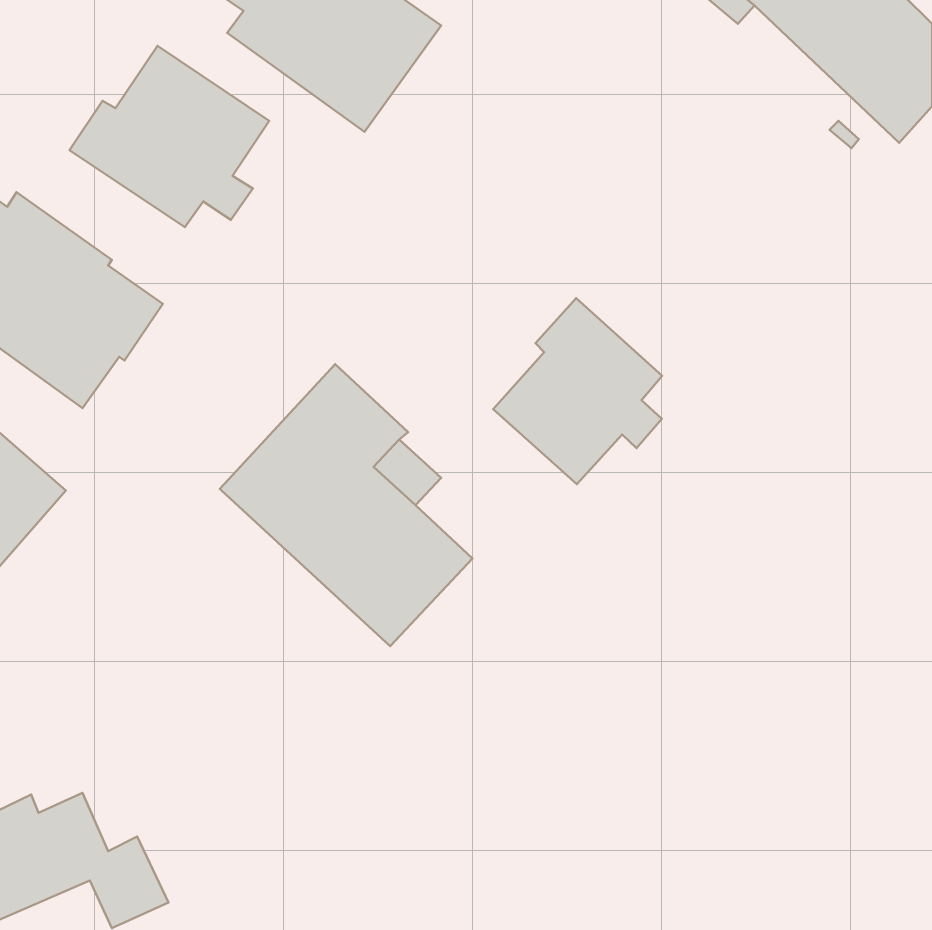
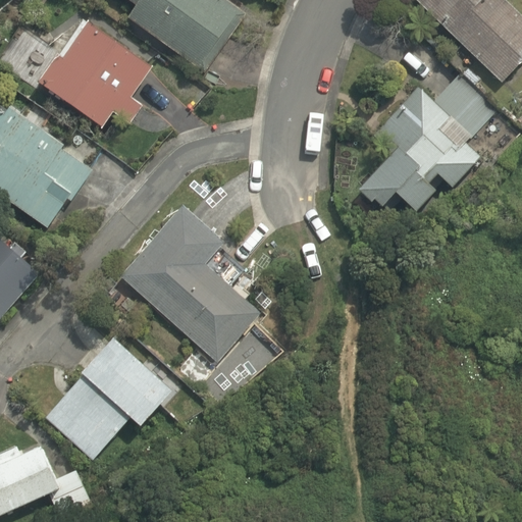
building: none -> [357,73,494,211]
building: [493,298,662,484] -> none
building: none -> [46,334,176,457]

